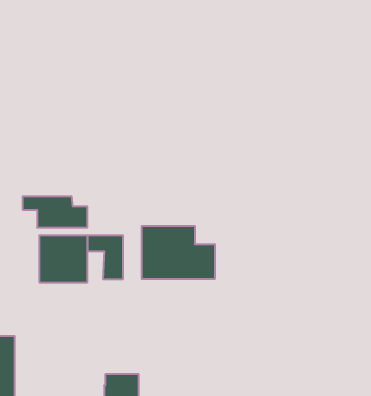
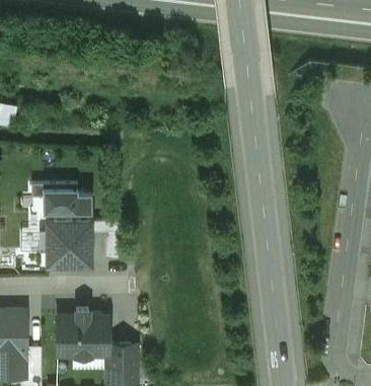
building: [142,226,215,279] -> none
building: none -> [57,311,106,356]

